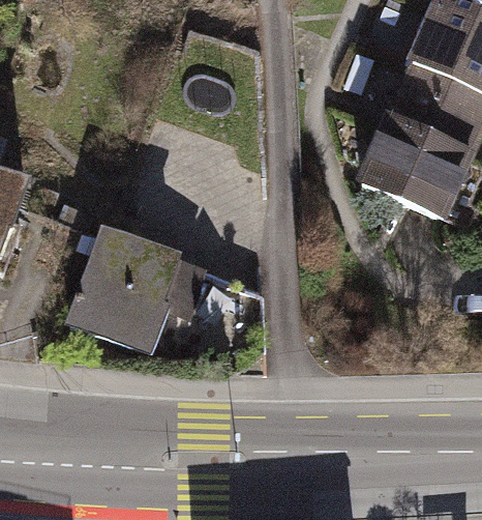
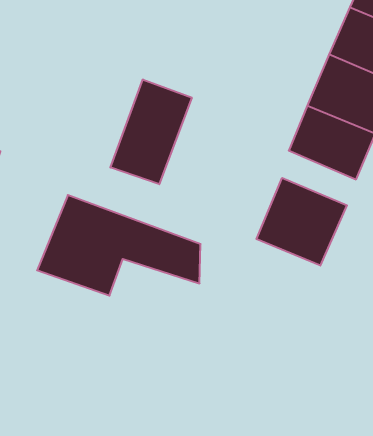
building: none -> [110,79,192,184]
building: none -> [256,178,347,266]

